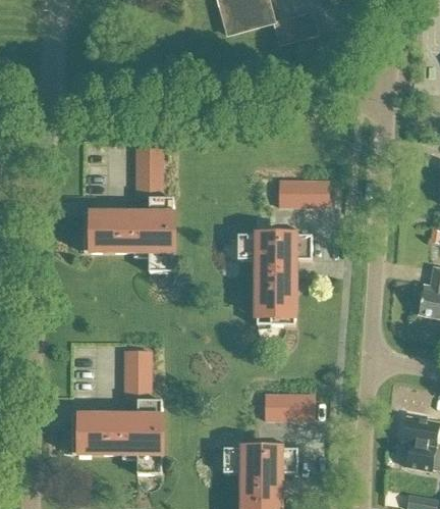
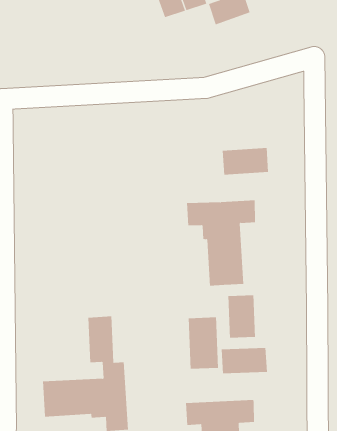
building: [84,147,173,270] -> none
building: none -> [228,295,255,338]
building: none -> [188,317,218,370]

